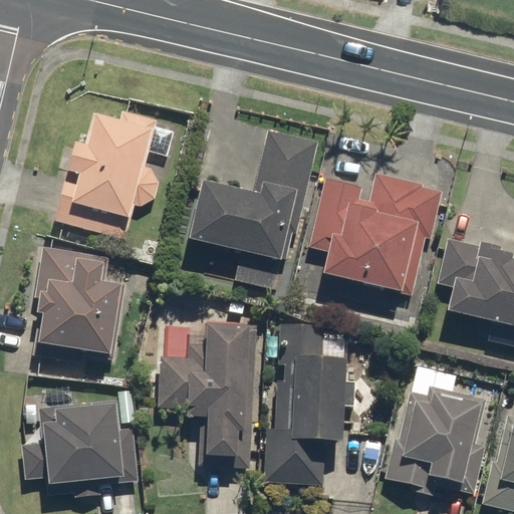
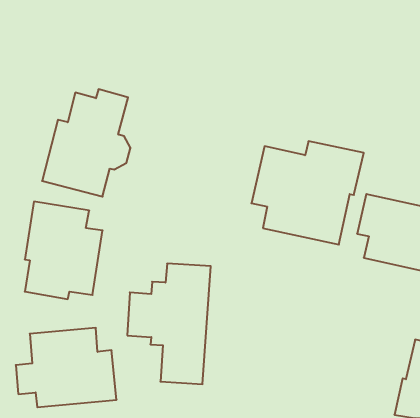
building: [186,127,320,266] -> none
building: [262,322,359,485] -> none
building: [384,382,490,496] -> none

